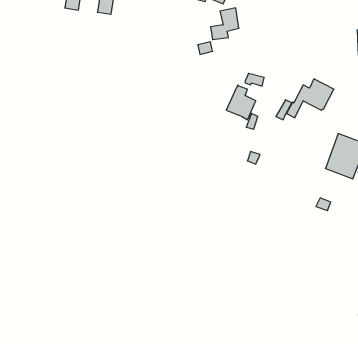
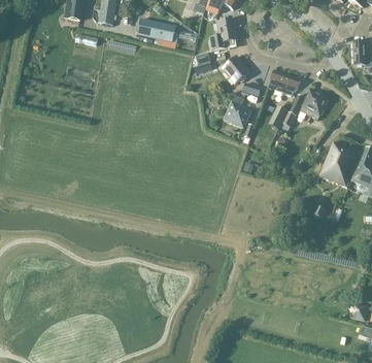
building: none -> [137,18,175,42]
building: none -> [222,56,249,82]
building: none -> [268,69,301,94]

